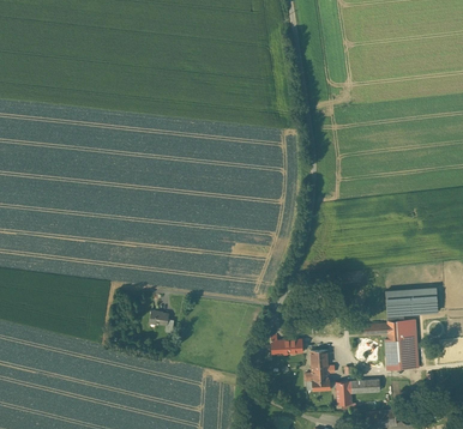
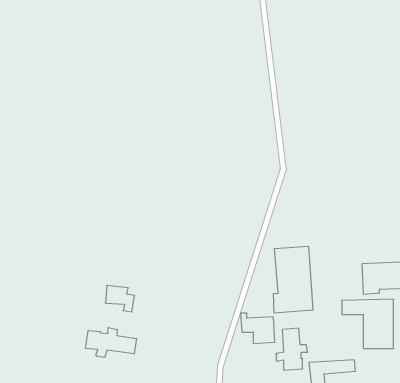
building: none -> [273,246,313,313]
building: none -> [86,327,137,357]

